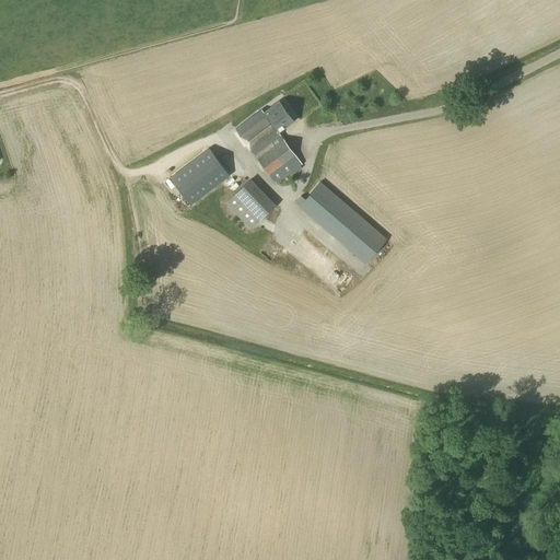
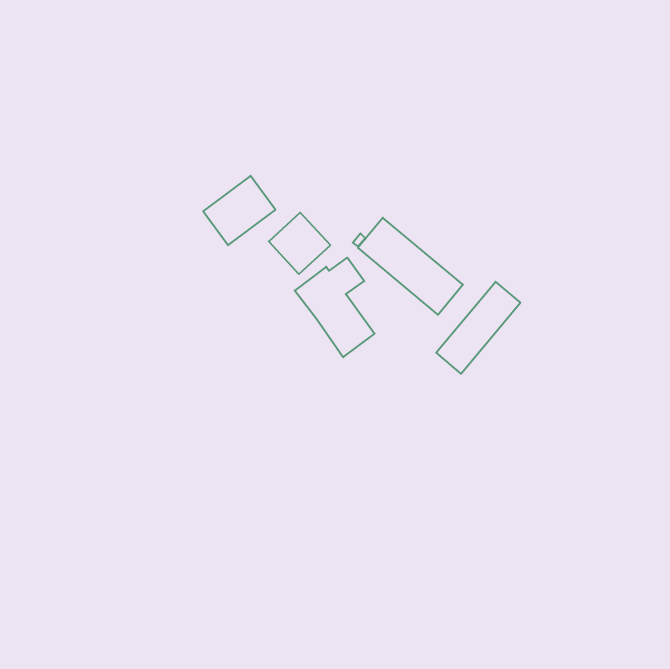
building: [235,101,302,184] -> [295,258,375,357]
building: none -> [436,282,520,374]

